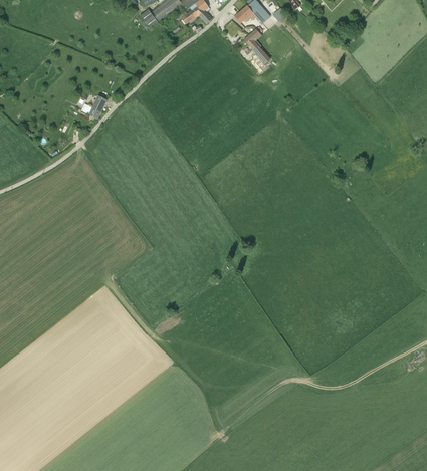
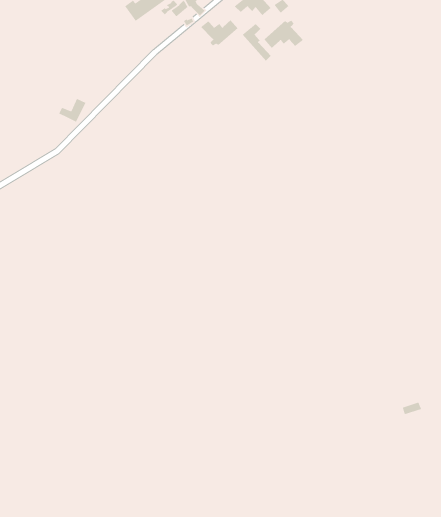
building: none -> [200,19,238,47]
building: none -> [263,20,304,49]

